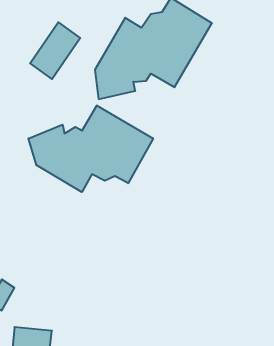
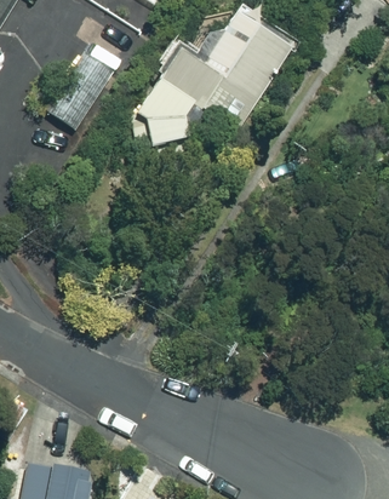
building: [28,105,153,192] -> none

